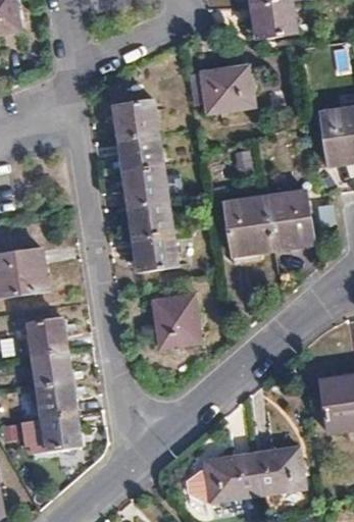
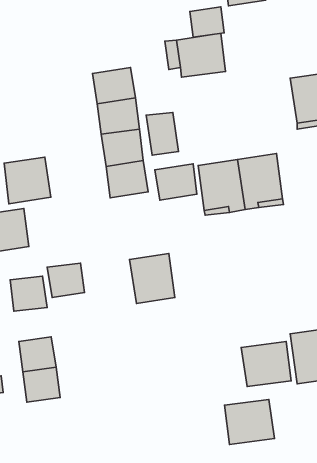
building: none -> [190,7,224,37]
building: none -> [146,112,179,155]
building: none -> [4,157,51,204]
building: [132,230,175,268] -> [155,164,197,200]
building: [32,351,70,386] -> [47,263,84,297]
building: [204,453,256,500] -> [241,342,291,387]

